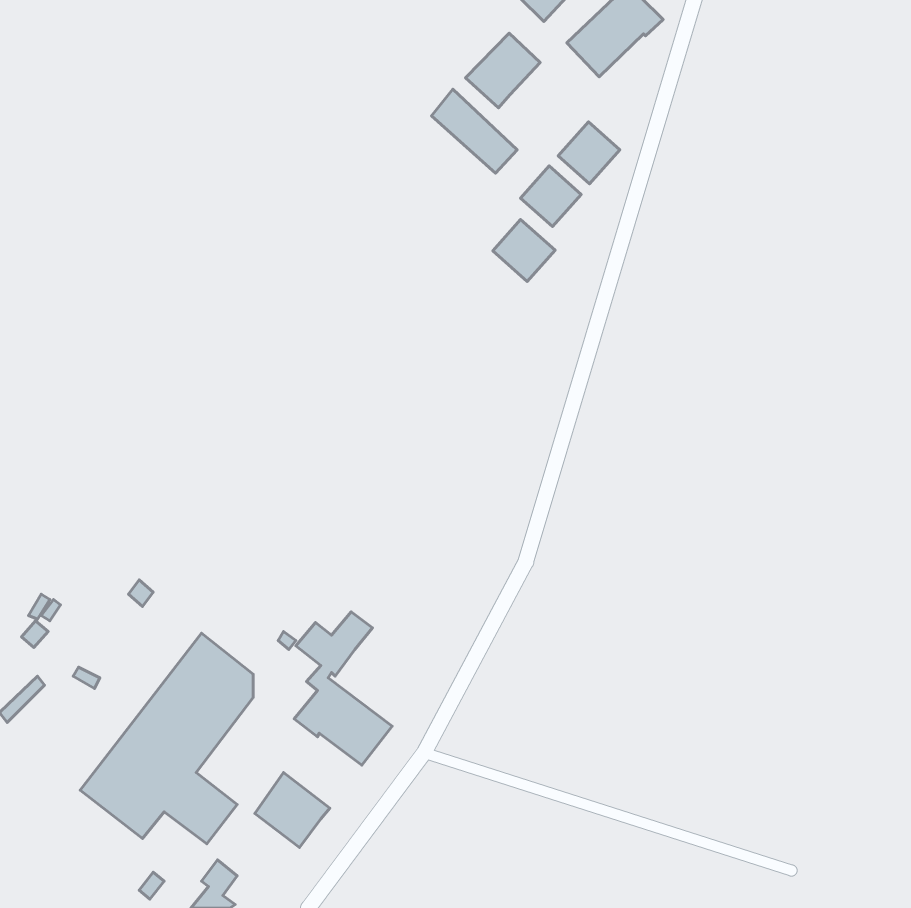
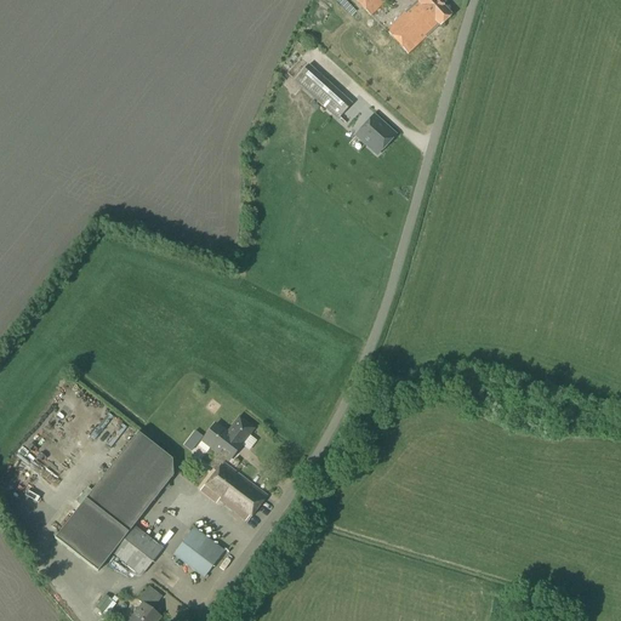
building: [466,33,540,108] -> none
building: [558,122,620,184] -> none
building: [493,219,555,281] -> none

